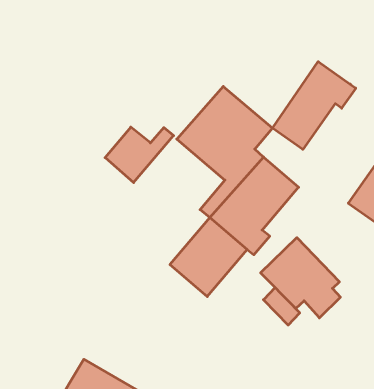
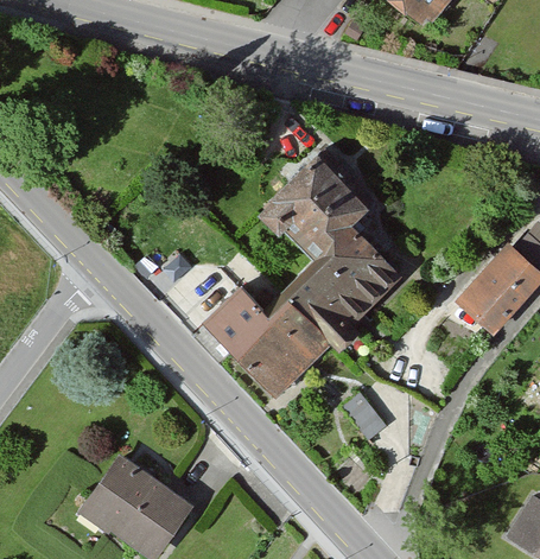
building: [272,62,356,149] -> none
building: [105,127,174,183] -> [207,287,291,354]
building: [261,238,340,318] -> none

